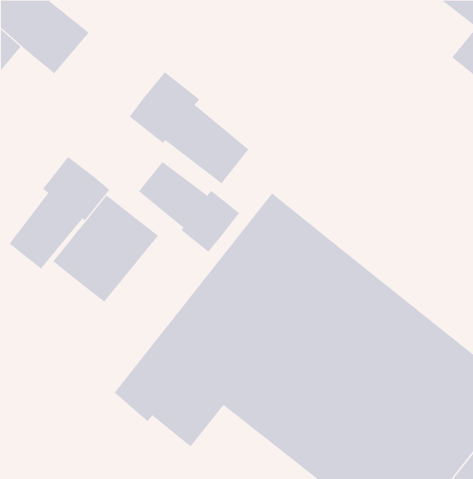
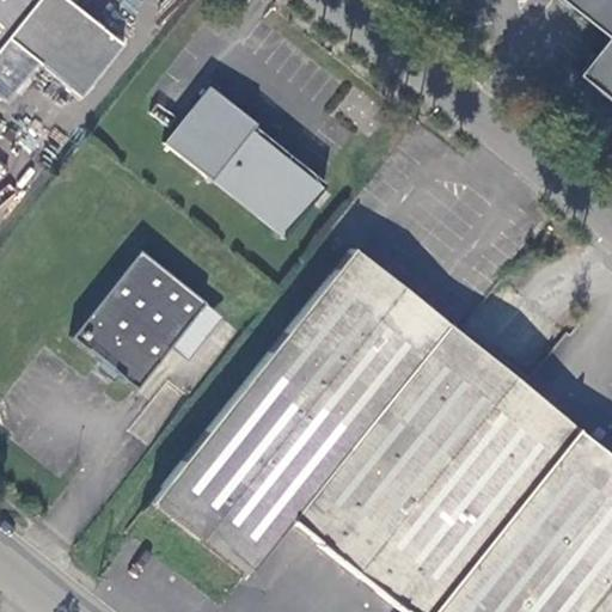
building: [9,156,110,270] -> none
building: [138,161,240,252] -> none

